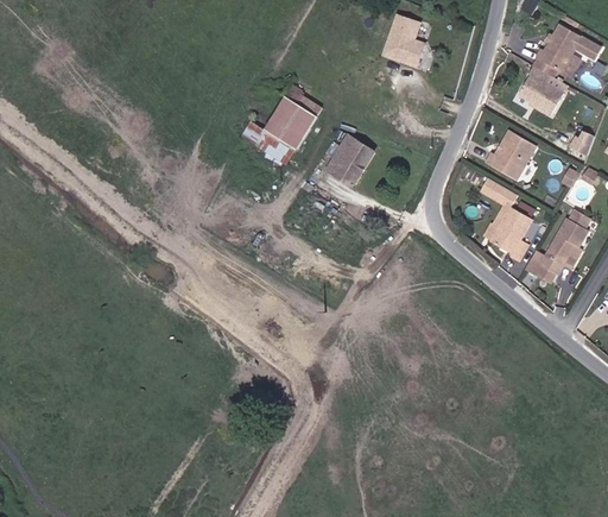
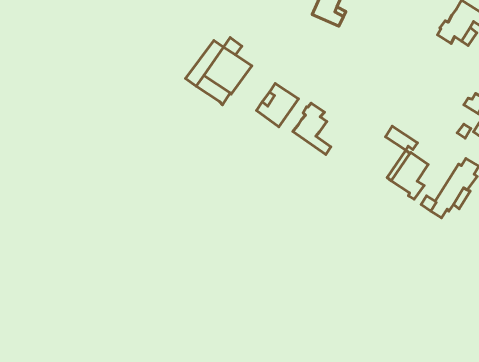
building: [520,67,564,116] -> none
building: [484,132,534,181] -> none
building: none -> [293,103,331,155]

